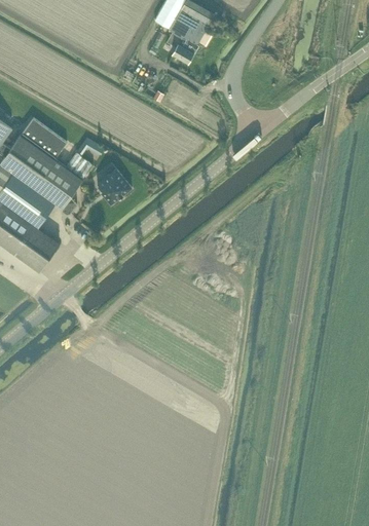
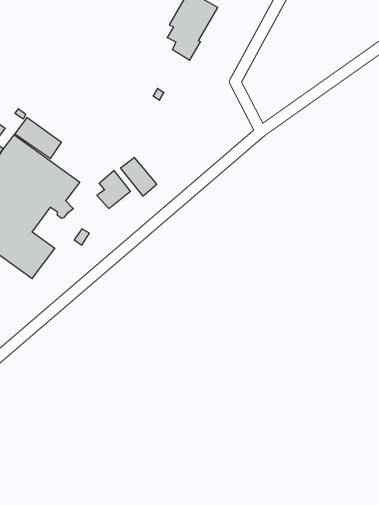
building: none -> [121,157,157,196]

